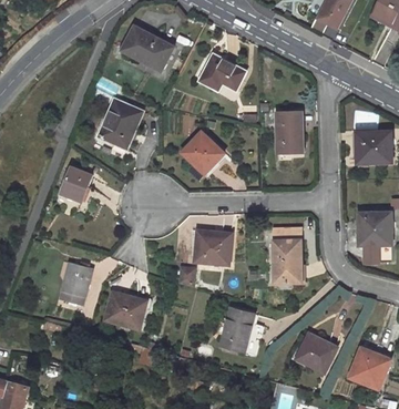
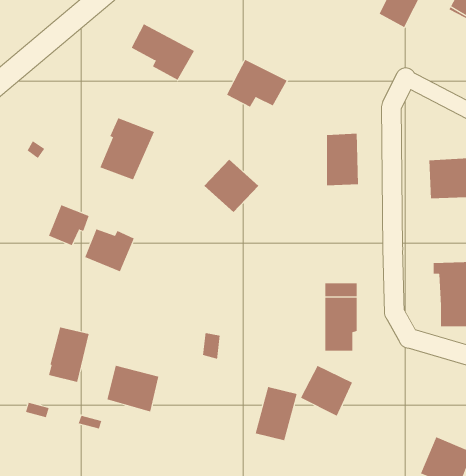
building: none -> [84,228,134,272]
building: [194,231,232,266] -> none
building: [296,334,337,374] -> [300,365,353,416]

